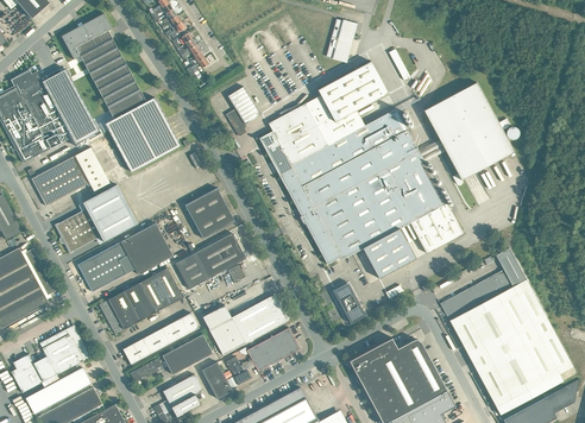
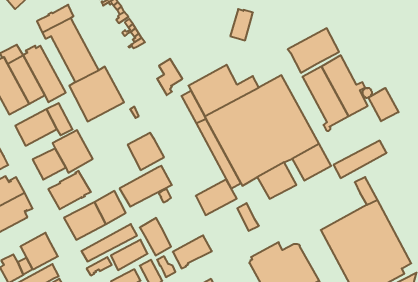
building: [316,62,386,122] -> [288,28,339,73]
building: none -> [369,88,399,121]
building: [119,223,171,274] -> none
building: [439,270,511,321] -> [334,141,387,178]
building: [231,295,287,343] -> [196,179,237,215]

